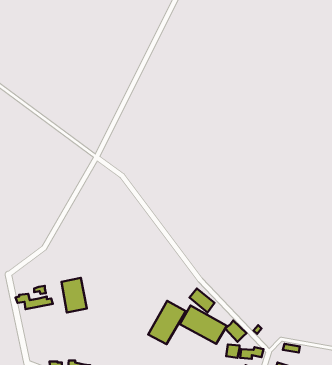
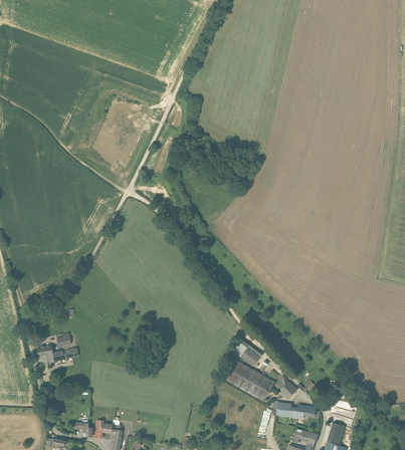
building: [61,278,87,313] -> none
building: [148,301,186,344] -> none

